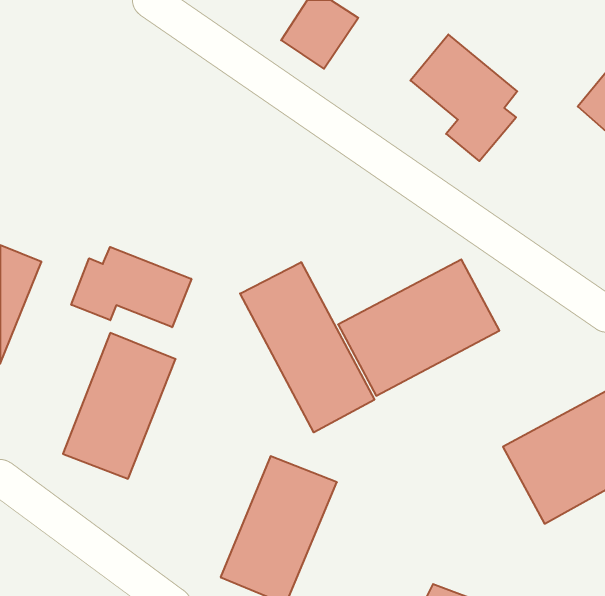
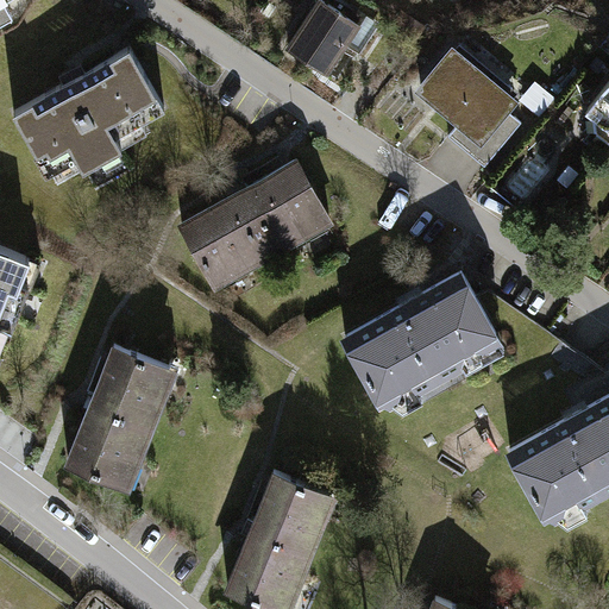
building: none -> [7,46,169,184]
building: none -> [176,157,333,288]
building: [71,247,191,327] -> none
building: [240,262,374,432] -> none

